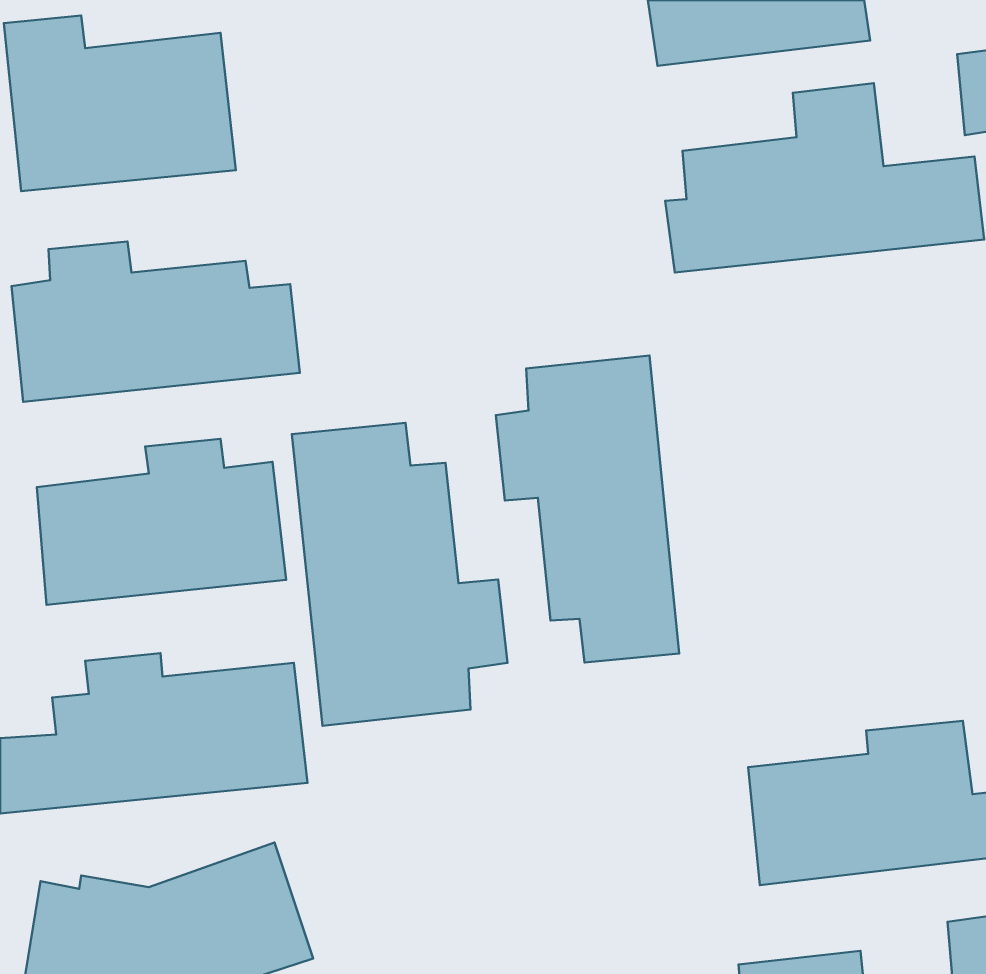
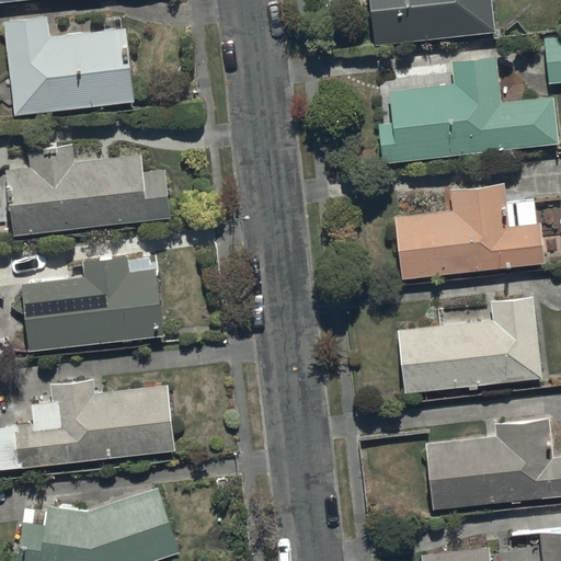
building: none -> [394,182,545,279]
building: [496,356,679,662] -> none
building: [292,423,508,726] -> none
building: none -> [399,294,541,392]

